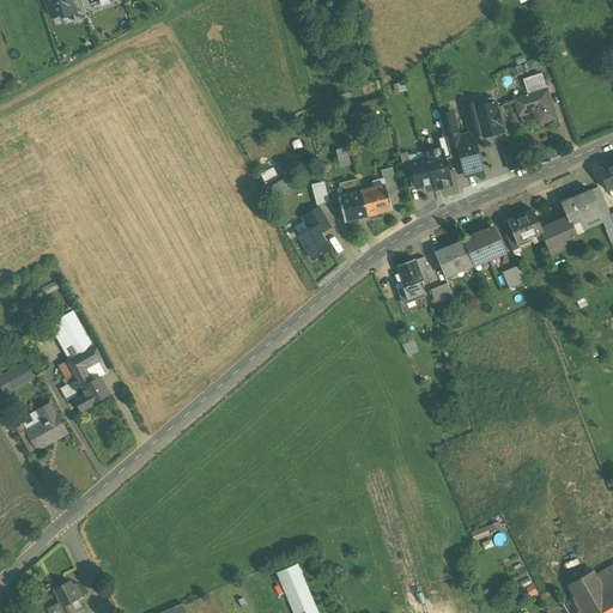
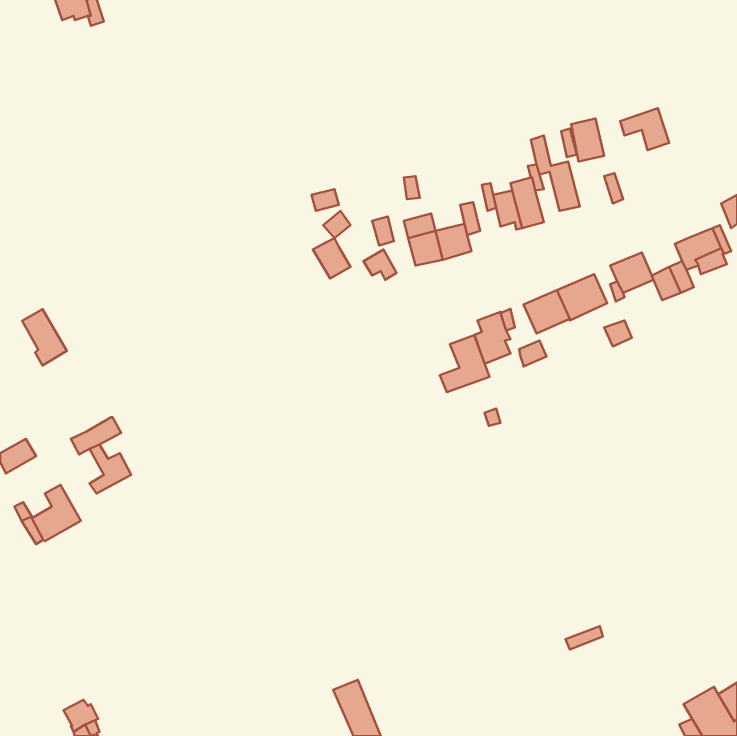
building: [298,225,329,259] -> [313,238,350,279]
building: none -> [440,335,489,392]
building: [55,311,92,358] -> [22,309,67,365]

